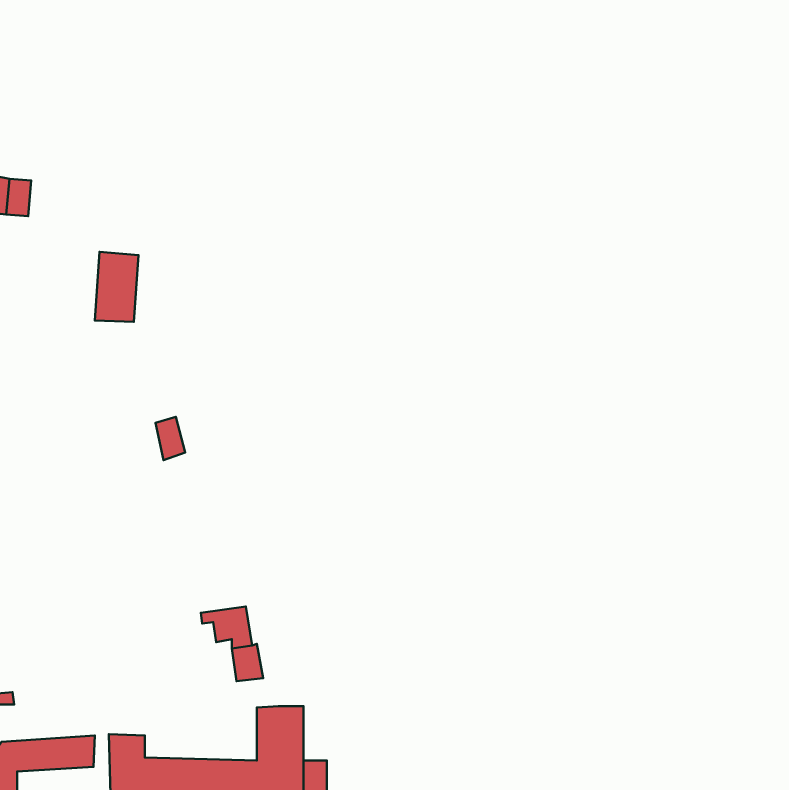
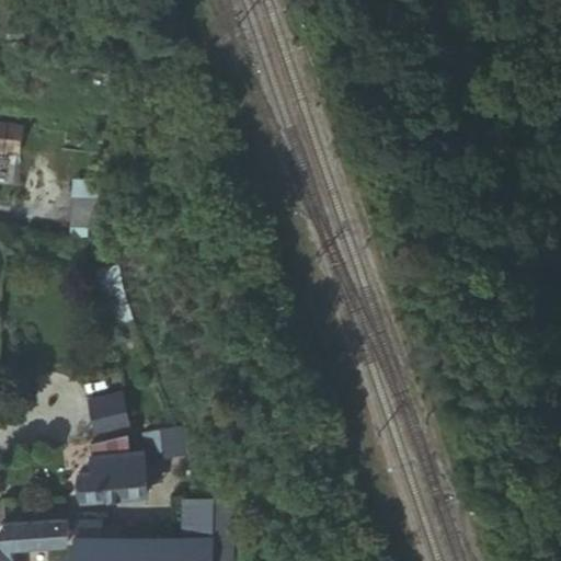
building: none -> [88,397,123,434]
building: none -> [78,433,147,499]

